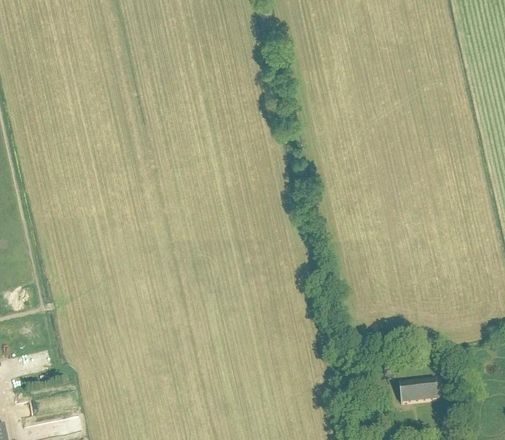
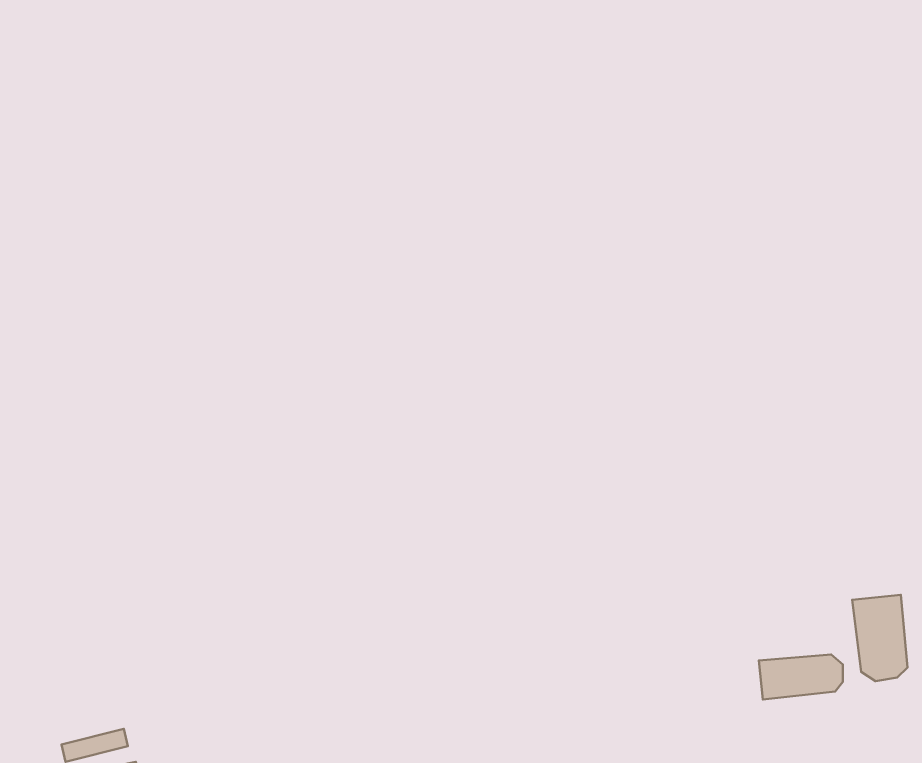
building: none -> [852,595,907,681]

